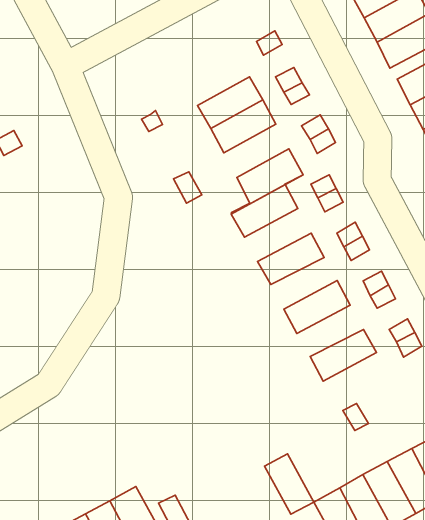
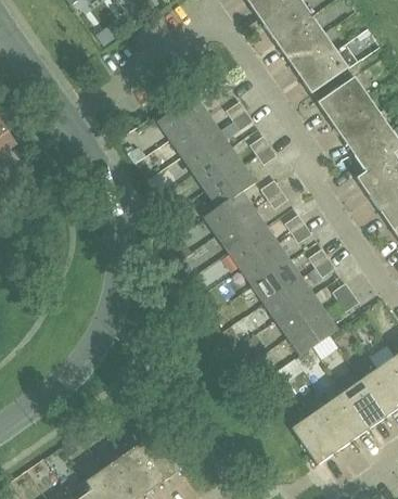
building: none -> [157,95,206,139]
building: none -> [193,146,242,190]
building: none -> [216,208,266,252]
building: none -> [240,243,290,285]
building: none -> [264,277,313,319]
building: none -> [287,310,338,356]
building: [264,454,314,514] -> none

